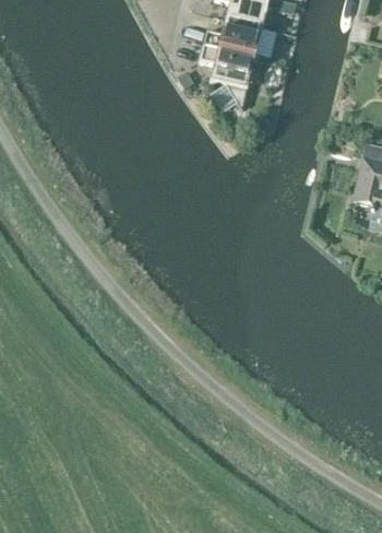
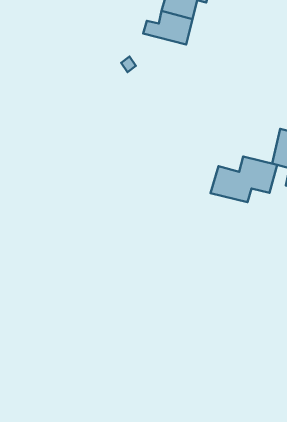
building: [198,44,252,108] -> none
building: none -> [211,156,277,202]

